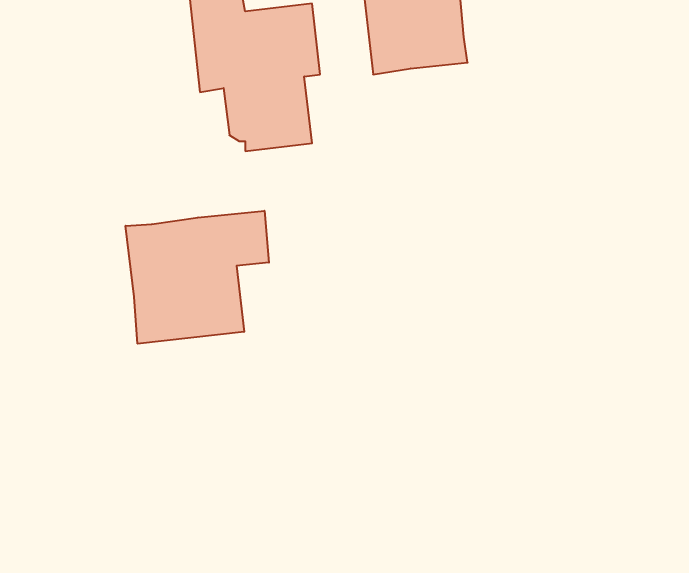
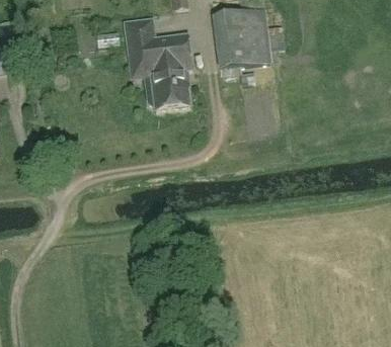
building: [126,211,269,344] -> none

